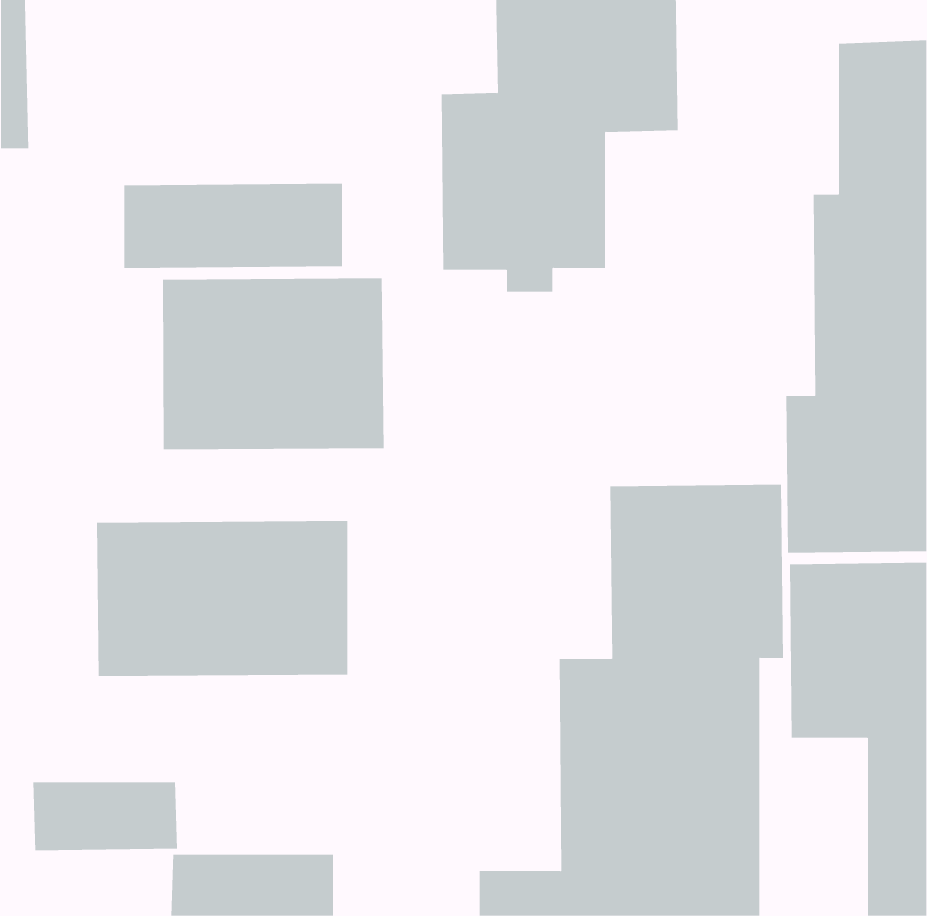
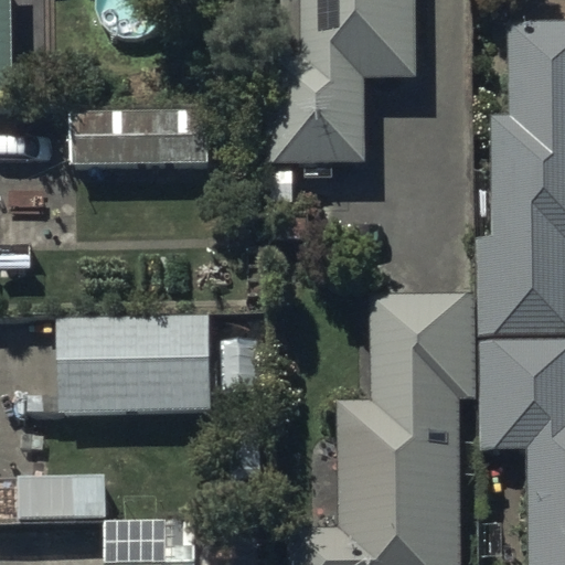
building: [163,277,384,450] -> none

